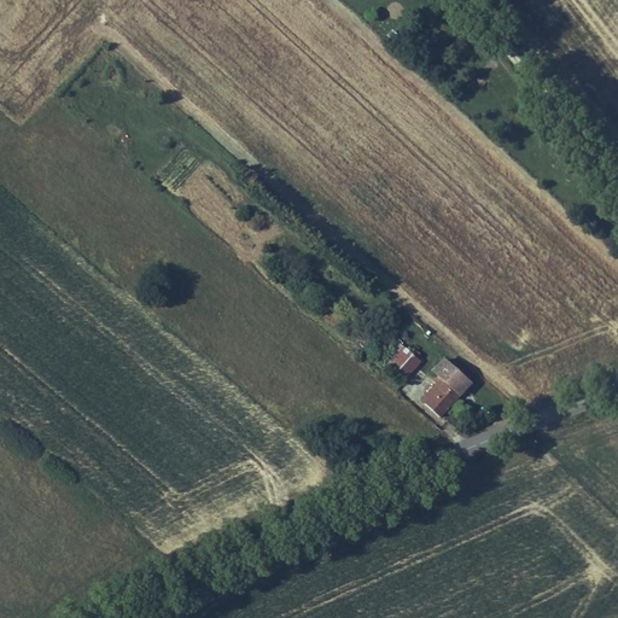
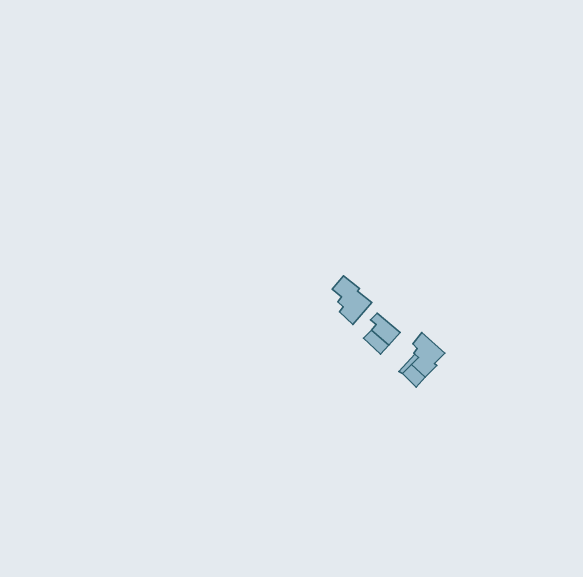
building: none -> [332,276,372,325]

